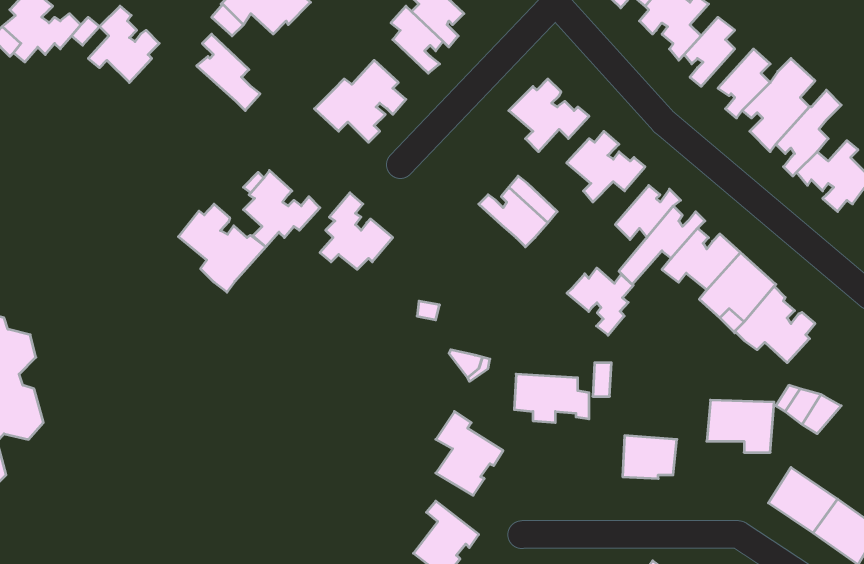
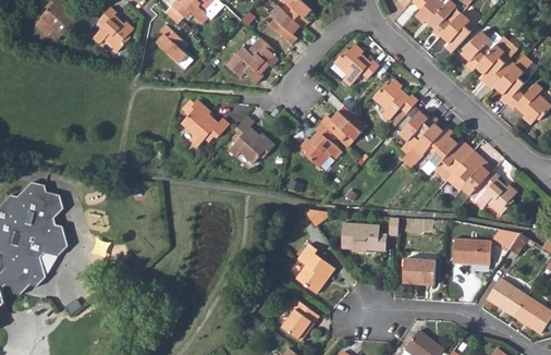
building: none -> [298,122,342,168]
building: [178,204,266,292] -> none
building: [567,268,633,335] -> none

